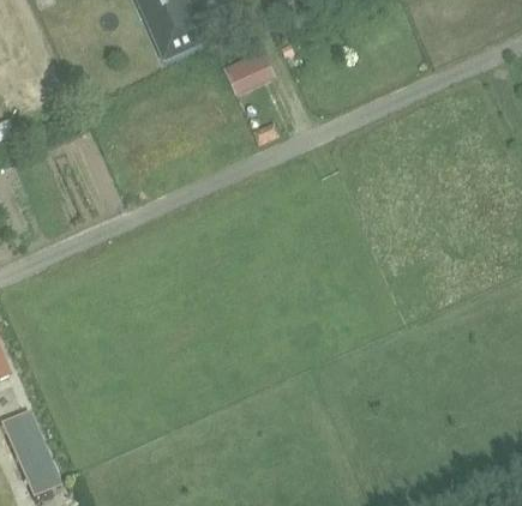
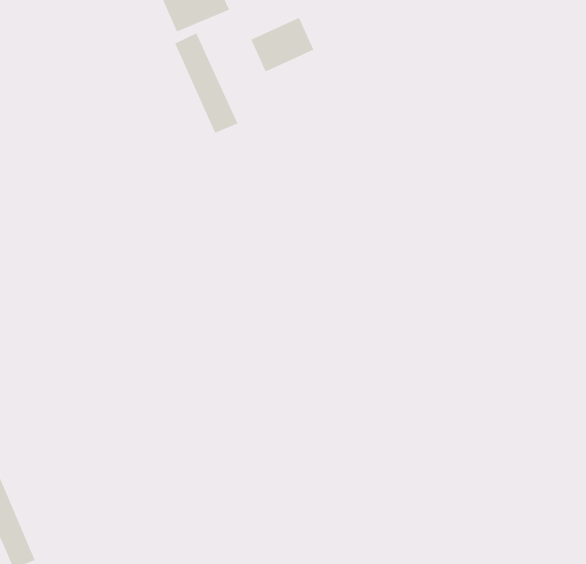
building: none -> [175,33,238,134]

